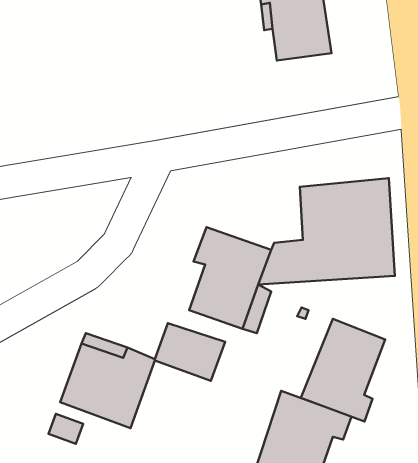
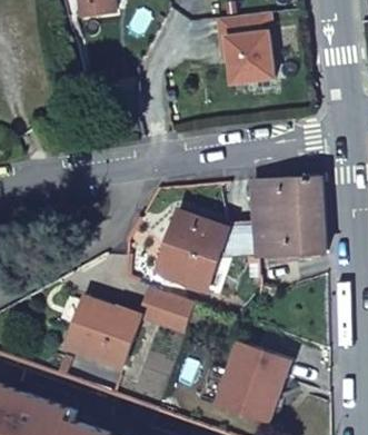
building: [301,319,385,421] -> none

